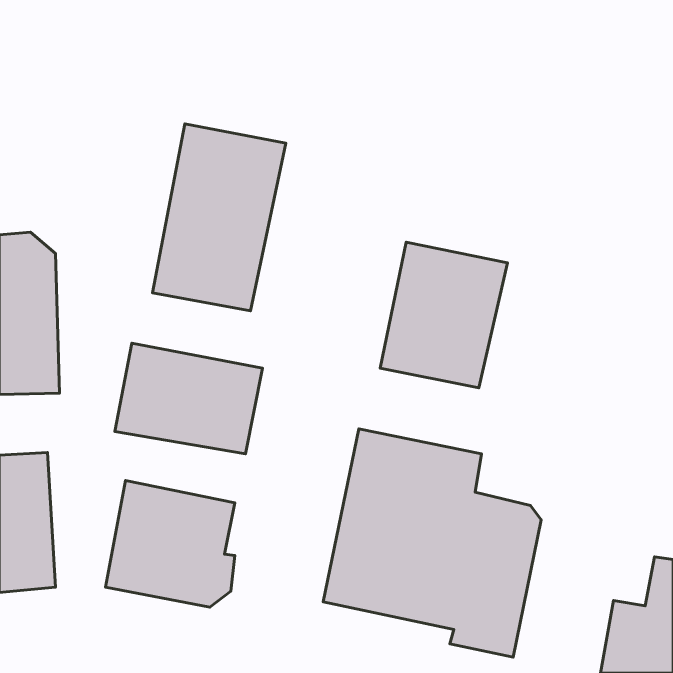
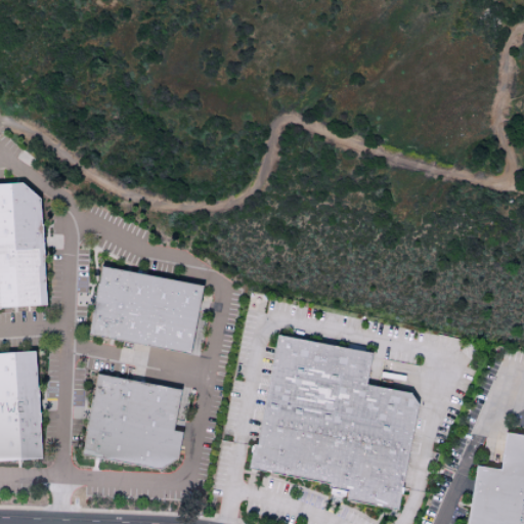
building: [152,124,286,311] -> none
building: [380,242,508,388] -> none

